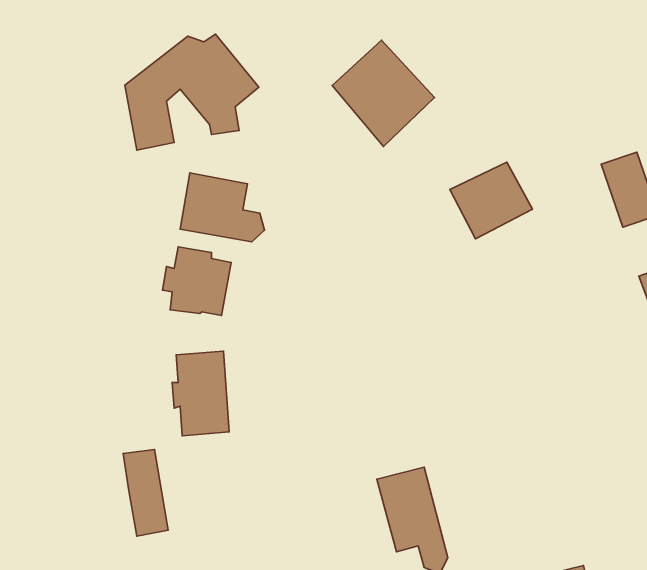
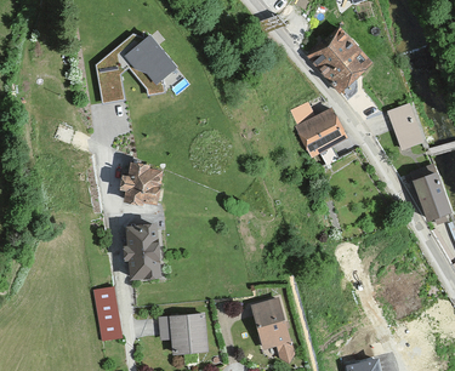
building: [332,40,435,147] -> [308,27,371,92]
building: [180,173,264,242] -> none
building: none -> [169,313,206,354]

